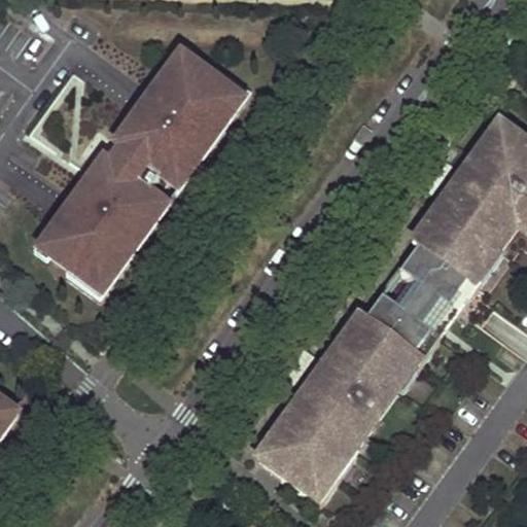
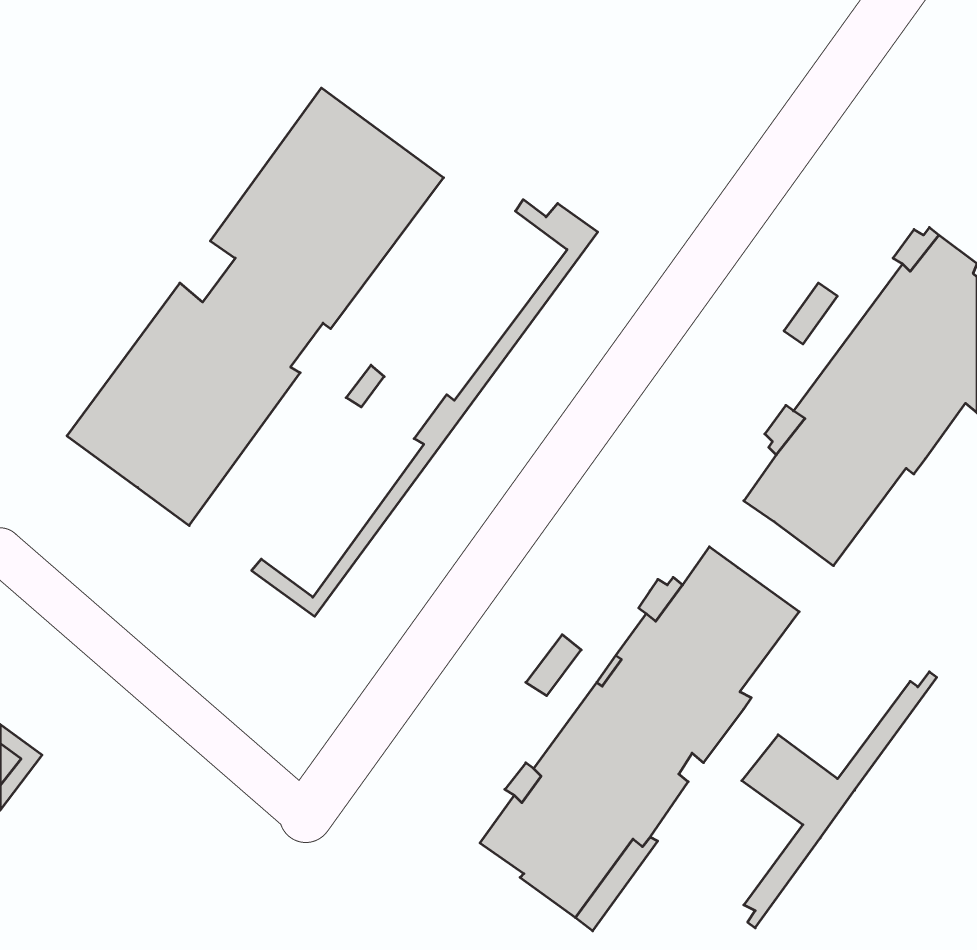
building: [69,69,255,293] -> [252,200,598,616]
building: [397,247,502,385] -> [742,672,937,928]

